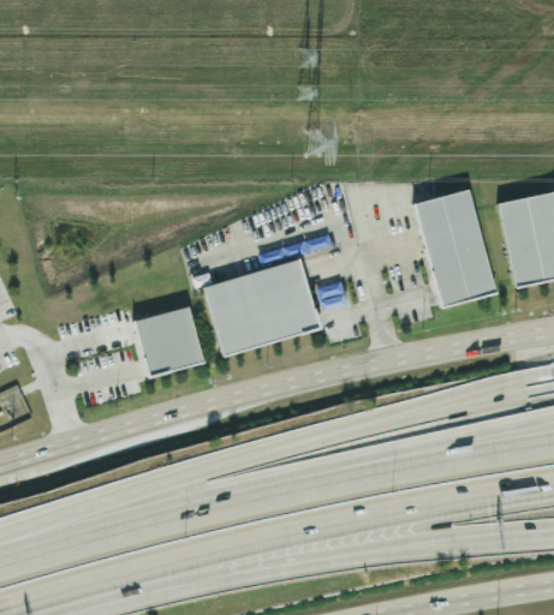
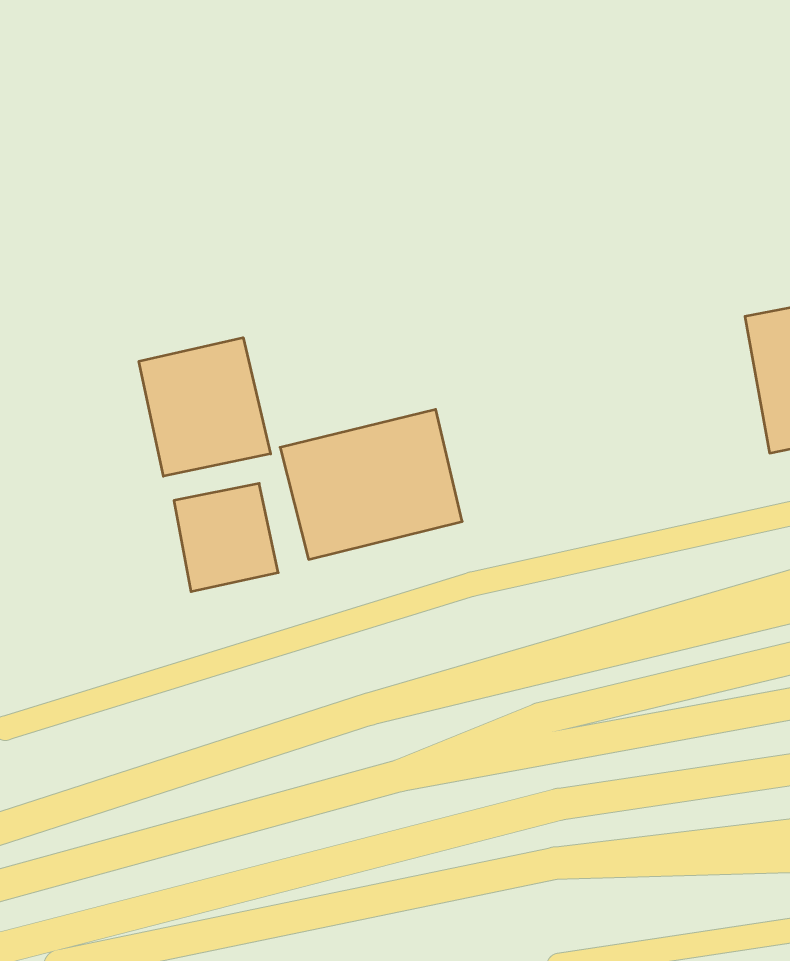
building: [407,190,494,308] -> none
building: none -> [139,338,271,476]

